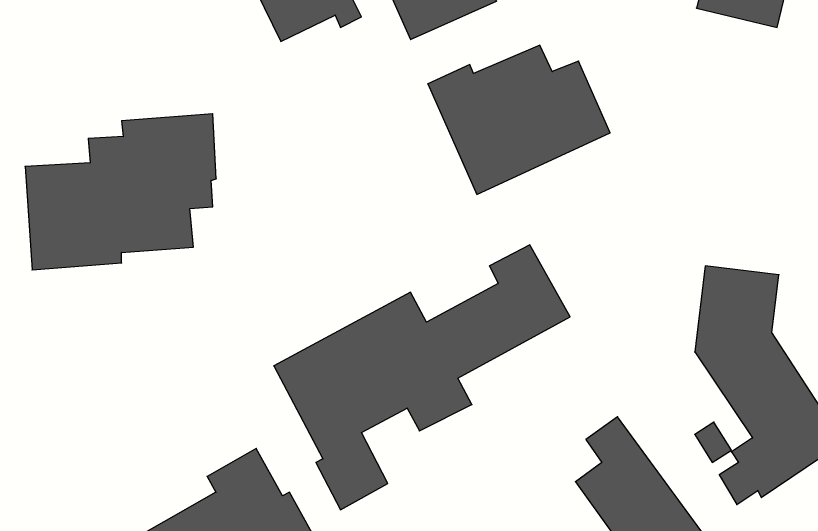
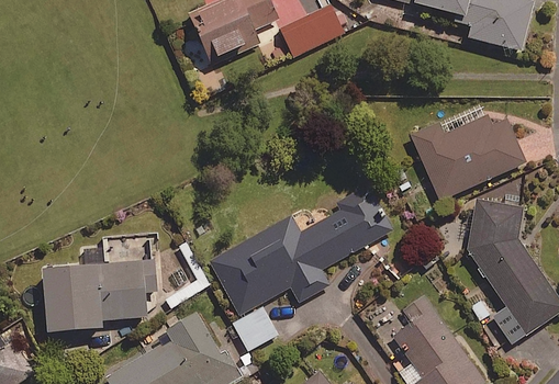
building: [428,45,610,194] -> [411,106,525,200]
building: [25,114,216,270] -> [42,233,161,330]

